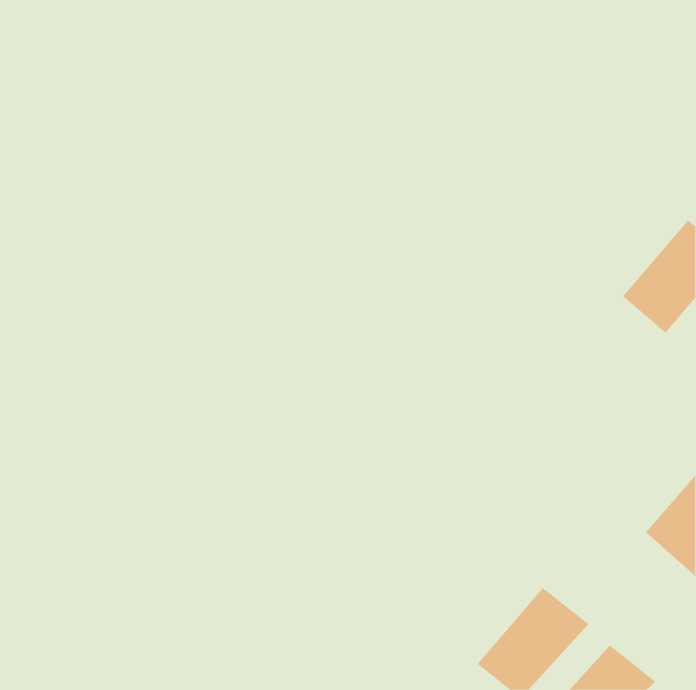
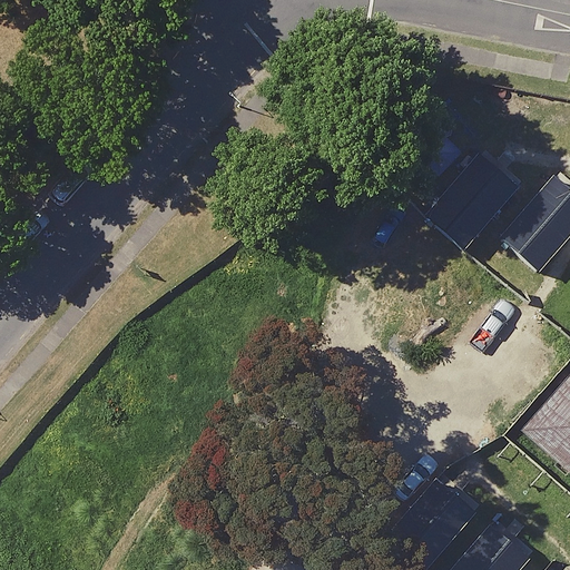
building: none -> [429,154,520,246]

